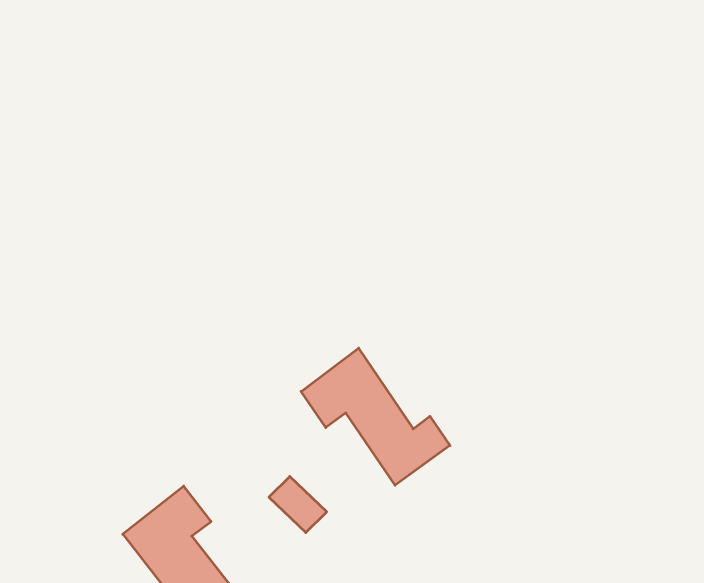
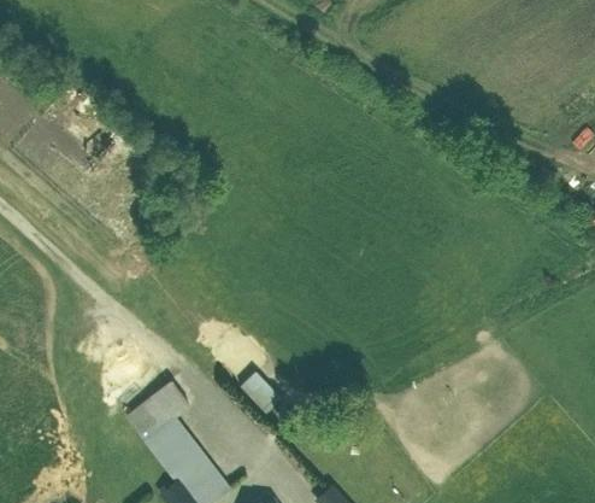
building: [301,348,450,485] -> none

